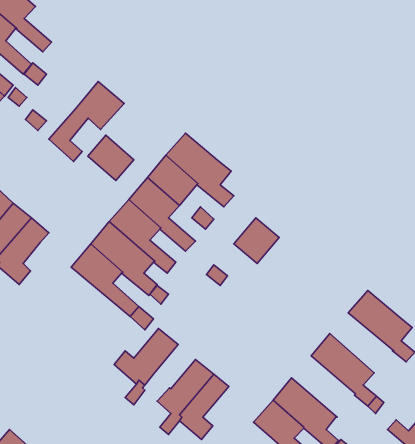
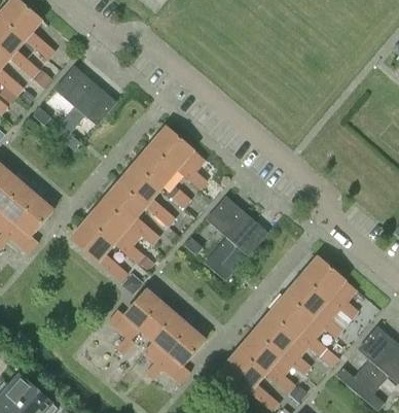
building: none -> [57,67,95,106]
building: [88,135,134,181] -> none
building: none -> [205,214,267,280]
building: none -> [288,277,352,337]
building: none -> [141,304,176,341]
building: none -> [256,313,312,374]

